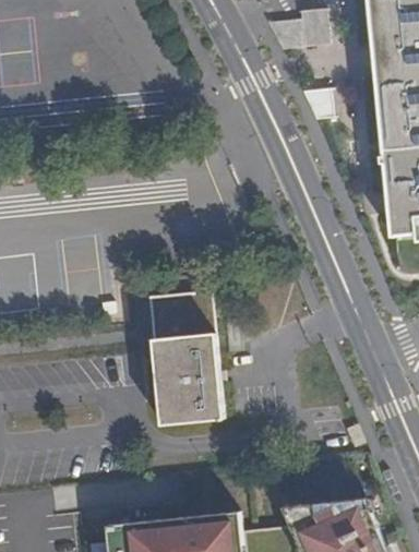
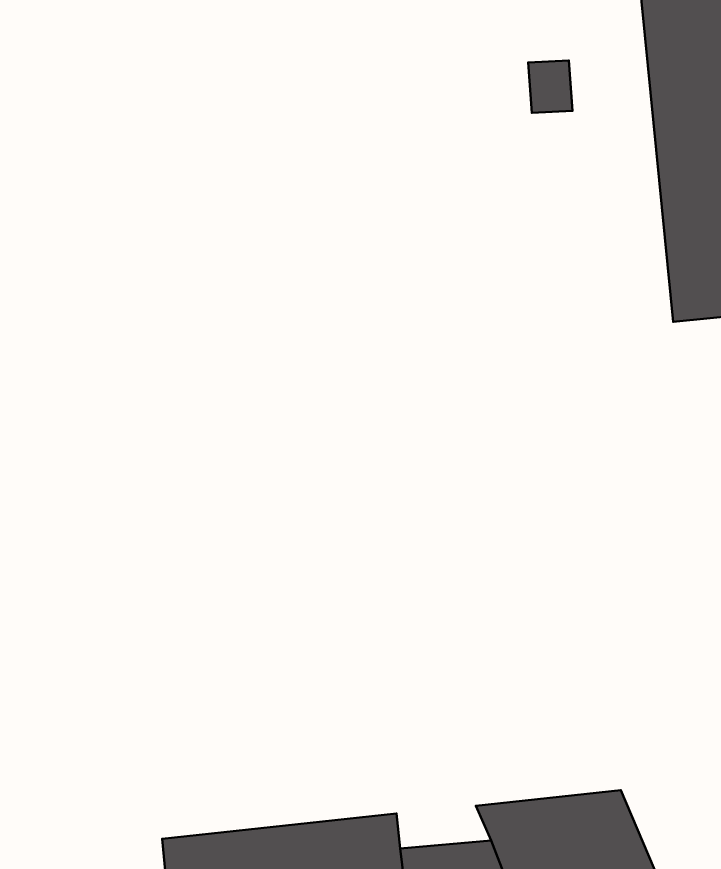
building: [146,295,218,425] -> none

